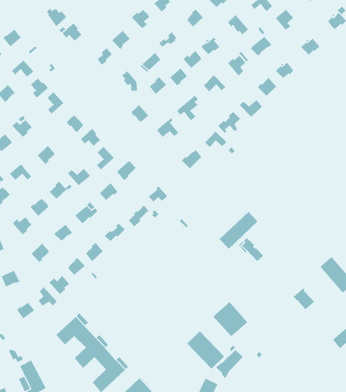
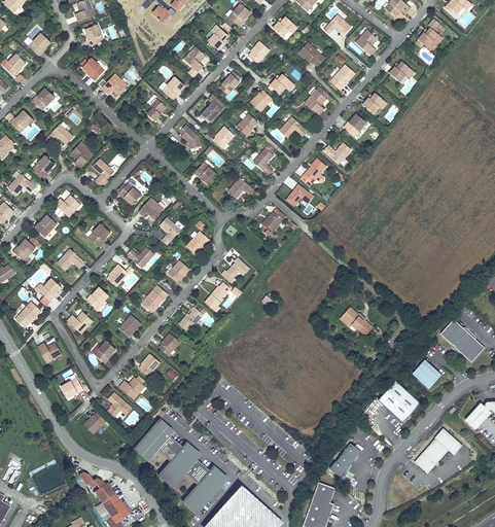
building: [219,211,258,249] -> none
building: [213,301,248,337] -> [378,380,421,422]
building: [186,331,225,369] -> none
building: none -> [415,428,463,475]

